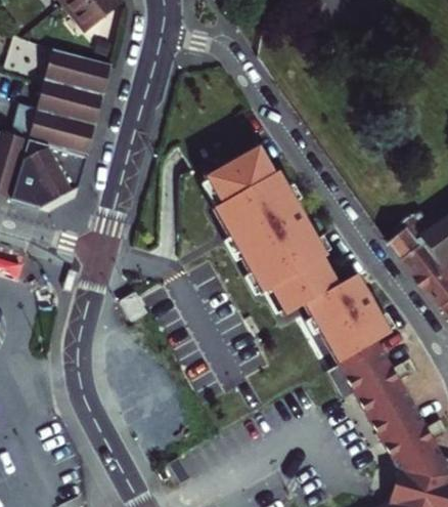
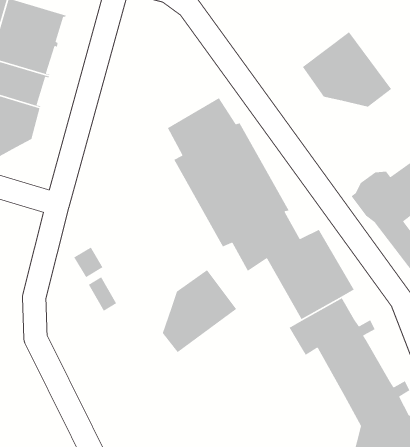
building: none -> [302,31,392,108]
building: none -> [162,269,237,353]

